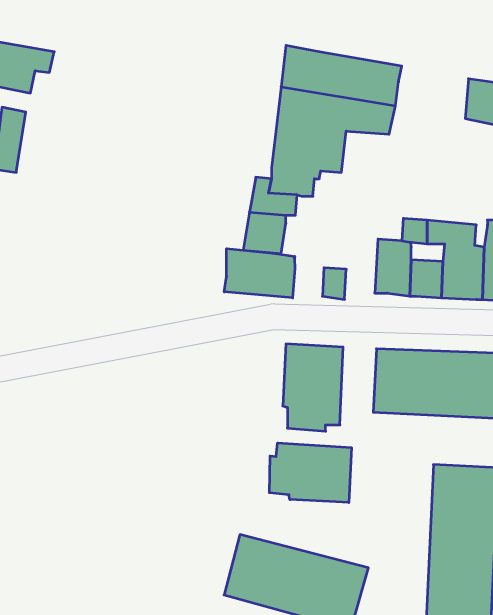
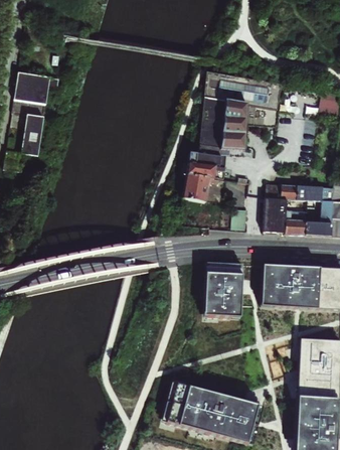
building: [224,249,295,298] -> none
building: [269,443,351,503] -> none

